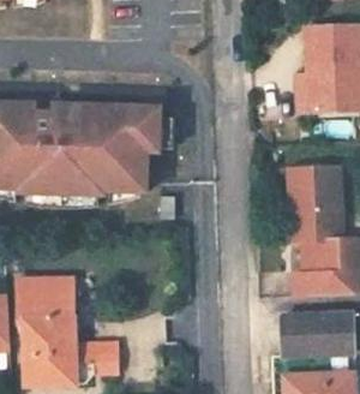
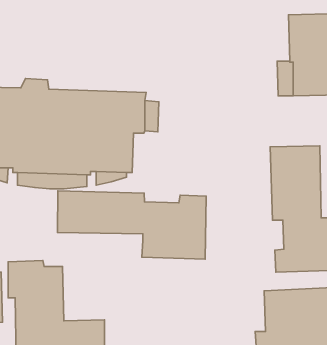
building: none -> [58,191,206,259]

